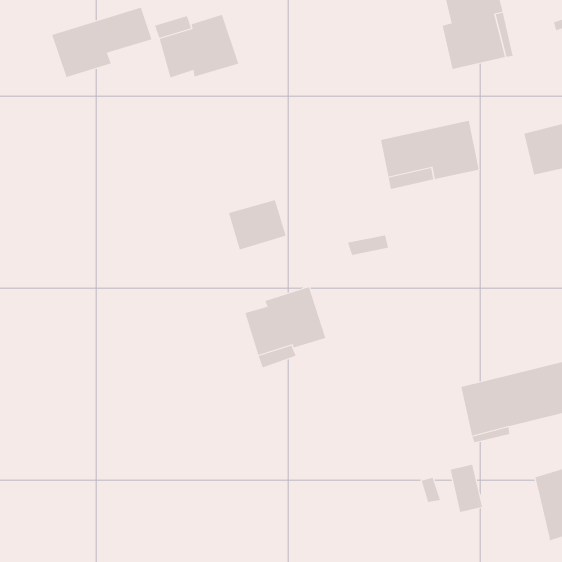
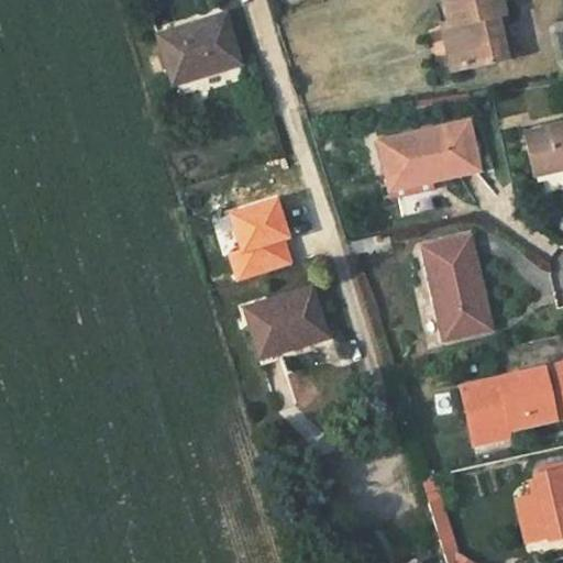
building: [52,7,152,78] -> none
building: none -> [229,235,295,278]
building: none -> [423,235,489,338]
building: [450,464,483,513] -> [516,494,549,542]

